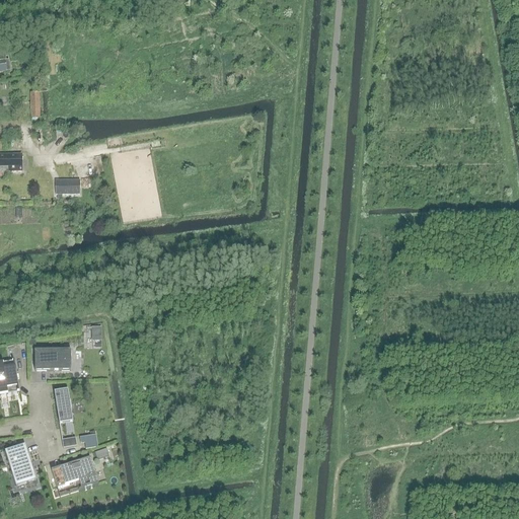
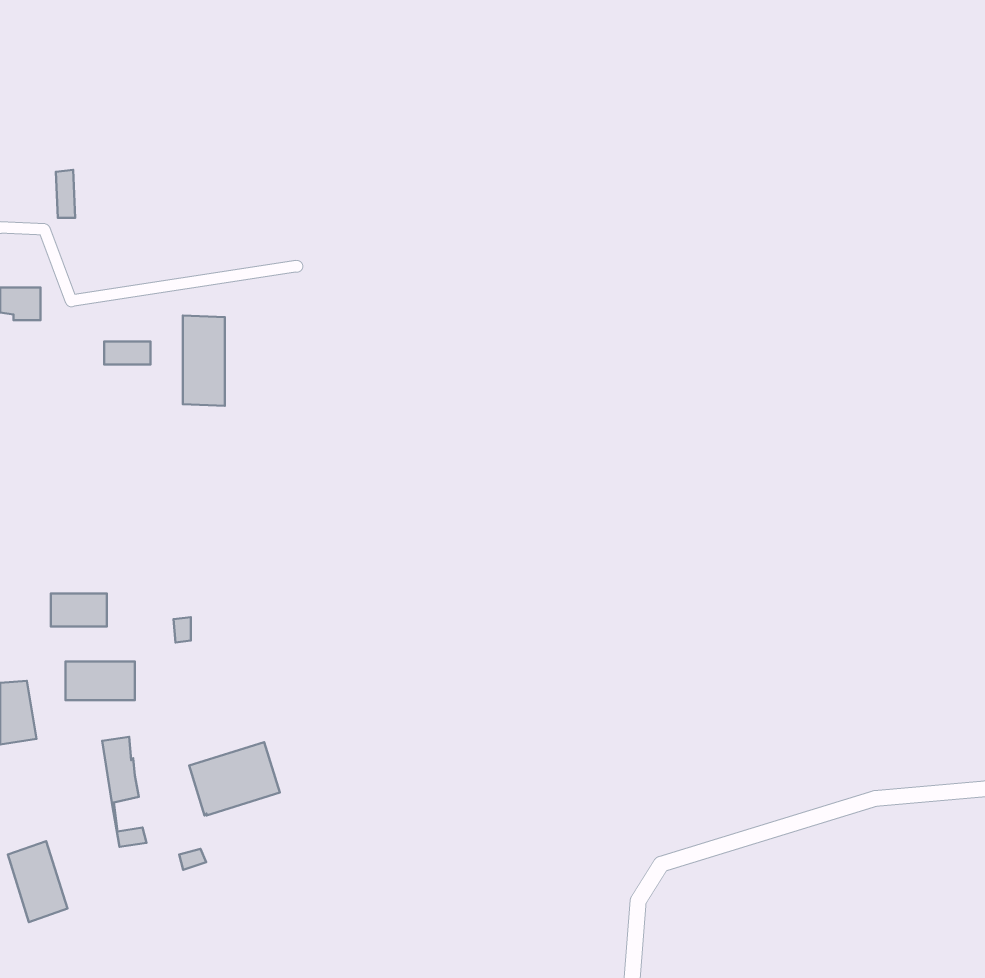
building: none -> [183,315,225,406]
building: none -> [51,593,107,626]
building: [51,455,98,494] -> [189,742,280,816]

